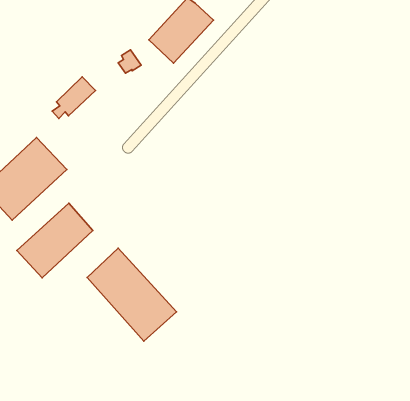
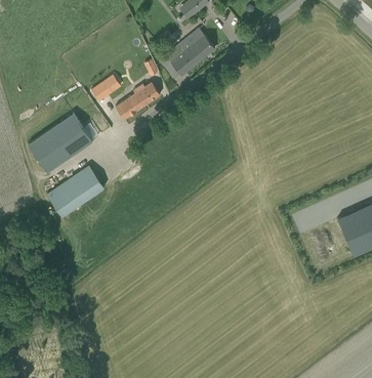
building: none -> [115,82,160,119]
building: [87,248,176,341] -> none

